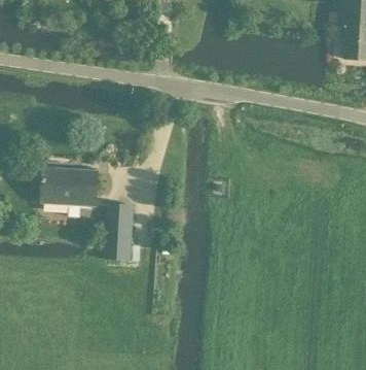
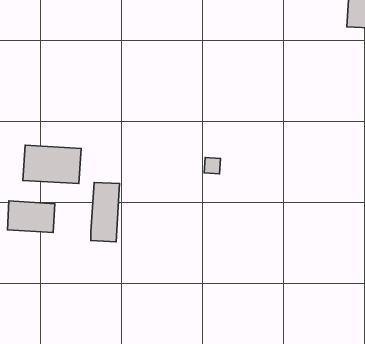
building: none -> [7,201,55,232]

